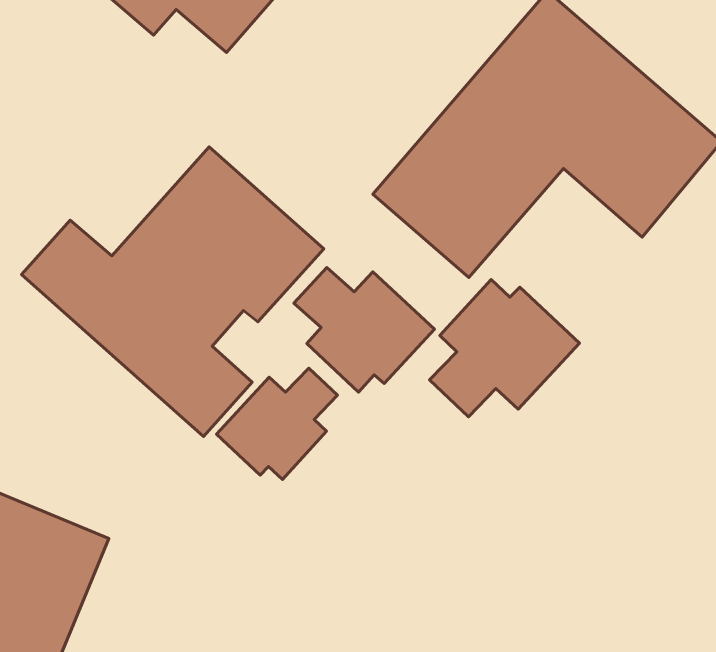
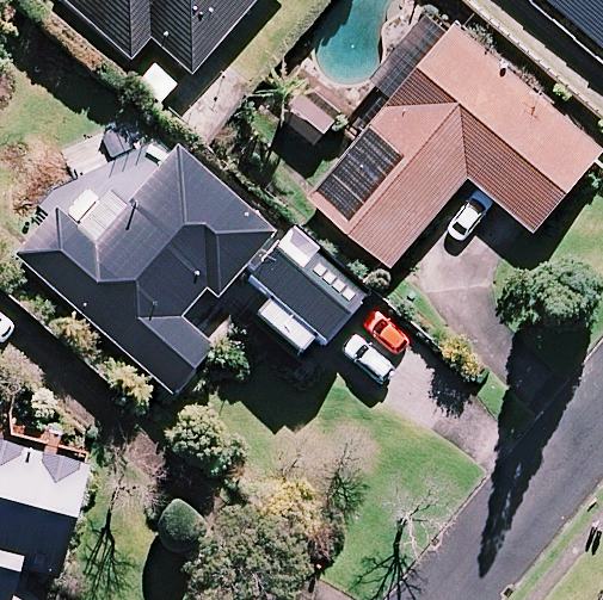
building: [430,279,579,417] -> none
building: [216,368,338,479] -> none

